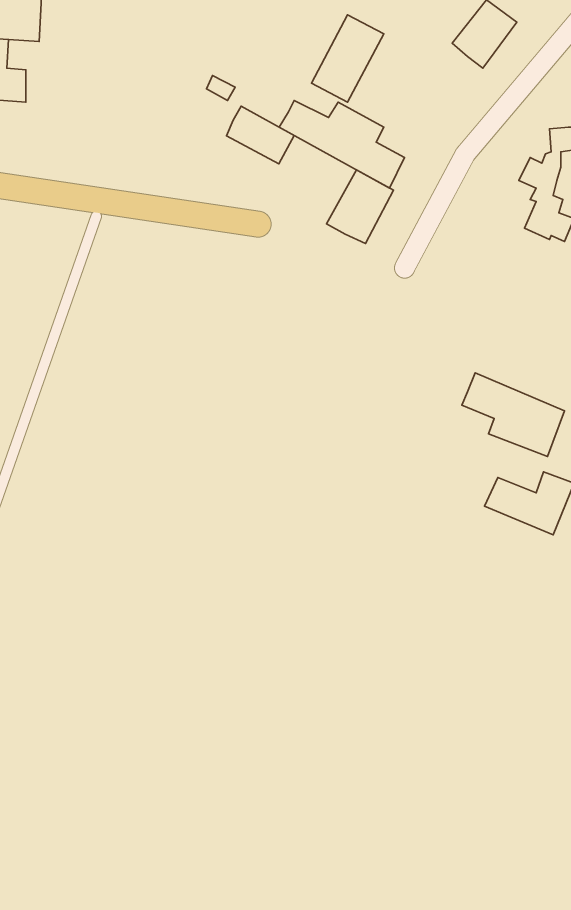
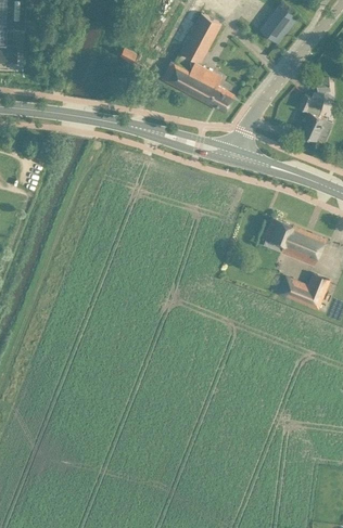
building: [226,106,294,164] -> none
building: [326,170,393,244] -> none

